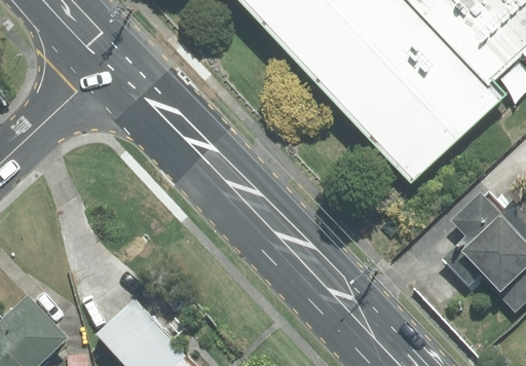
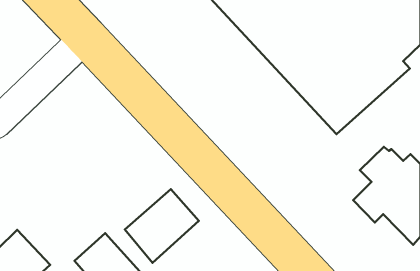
building: none -> [125,189,199,263]

